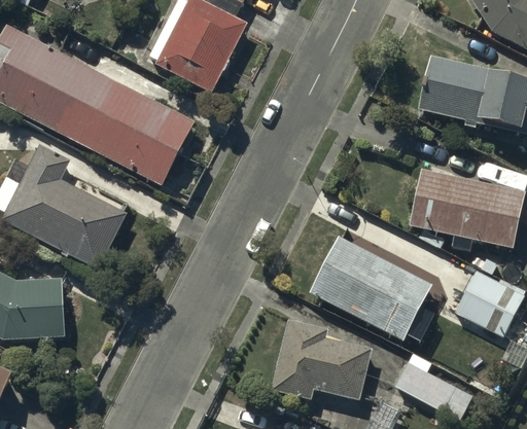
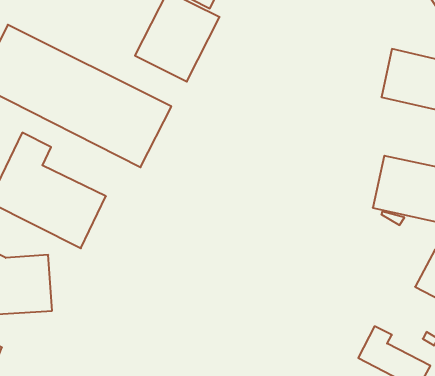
building: [309,235,436,342] -> none
building: [270,319,370,399] -> none

